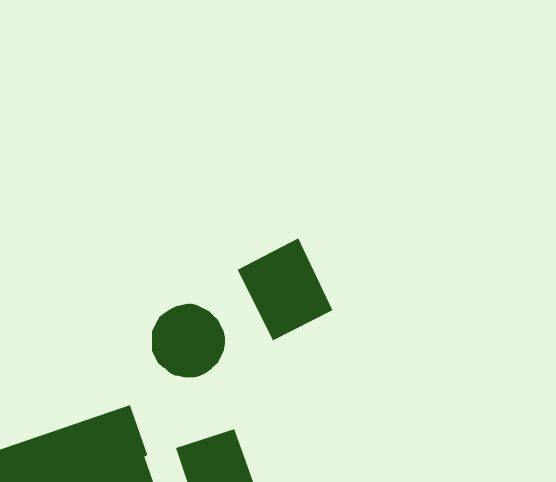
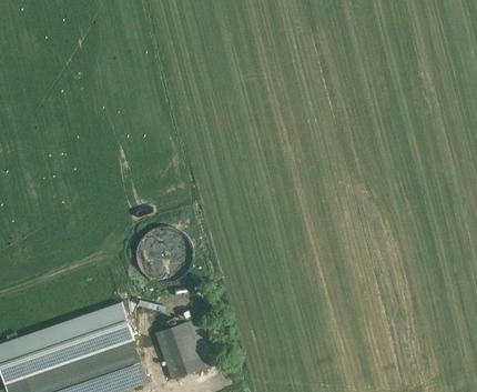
building: [237,237,333,341] -> none

